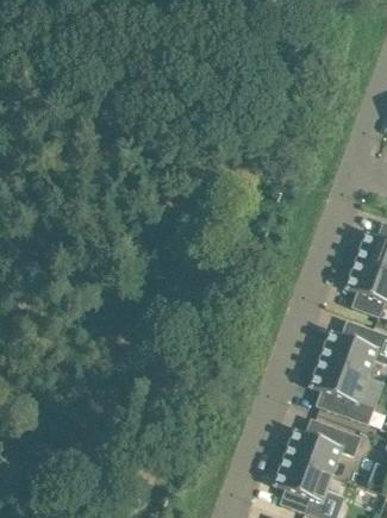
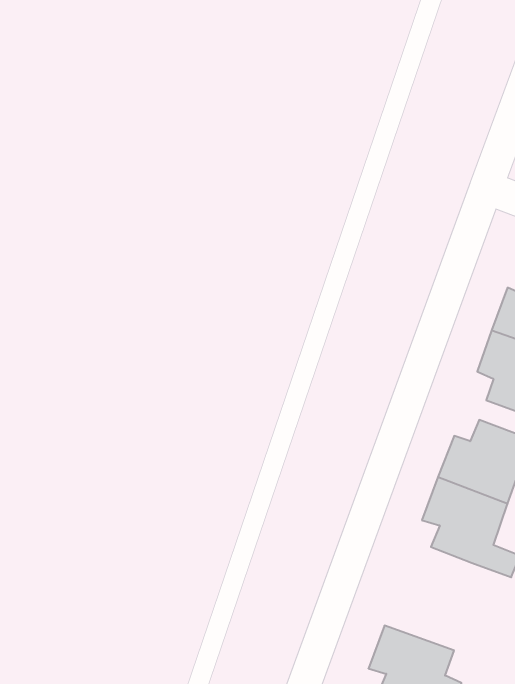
building: [285,419,360,474] -> none

